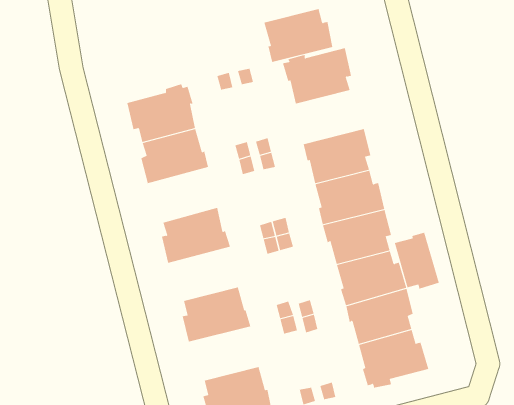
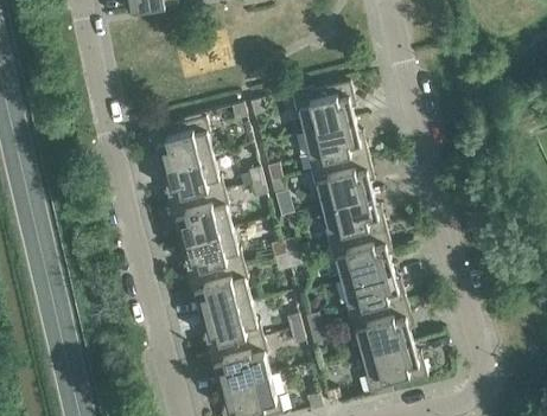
building: [264,8,333,62] -> [303,117,367,167]
building: none -> [166,188,231,239]
building: [394,232,440,289] -> none
building: none -> [185,262,250,312]
building: none -> [204,335,269,385]

